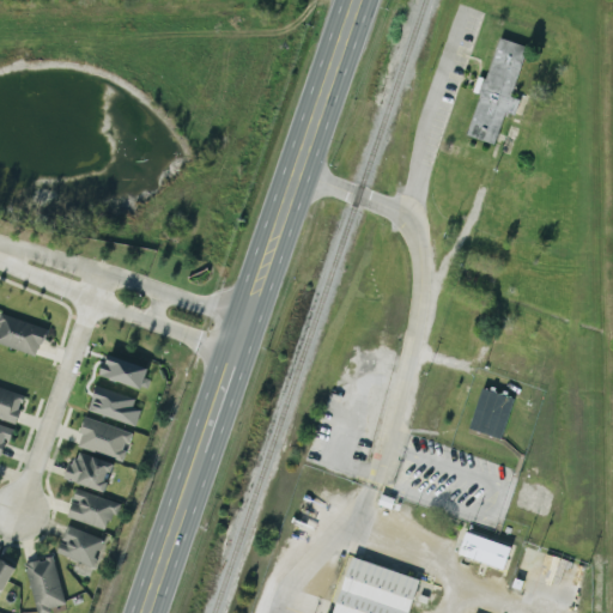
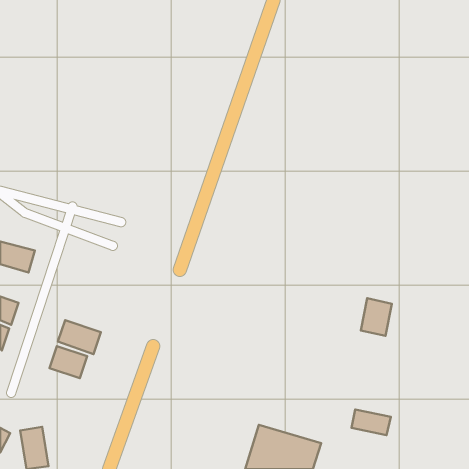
building: [467,38,527,145] -> none
building: [99,354,147,389] -> none
building: [87,386,140,426] -> none
building: [66,488,117,532] -> none
building: [55,526,104,569] -> none

